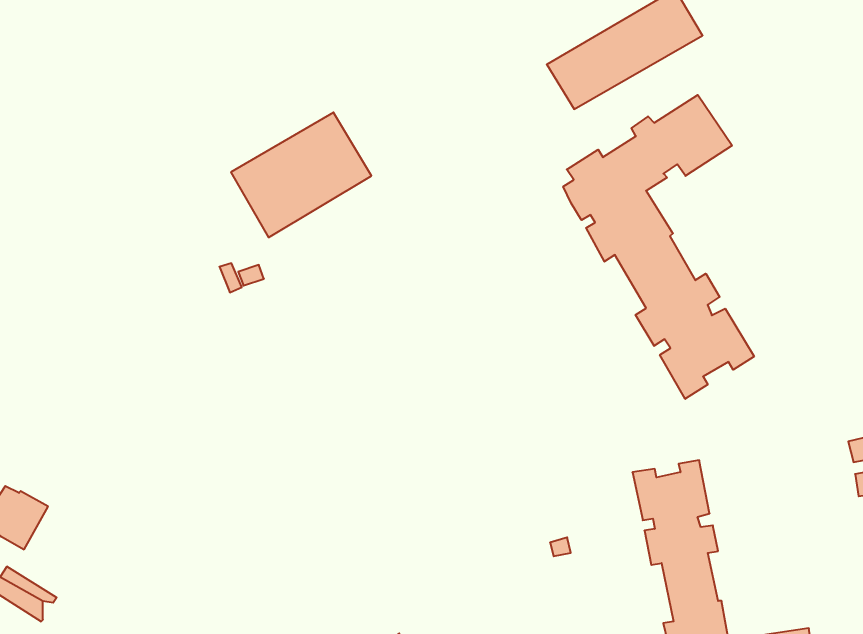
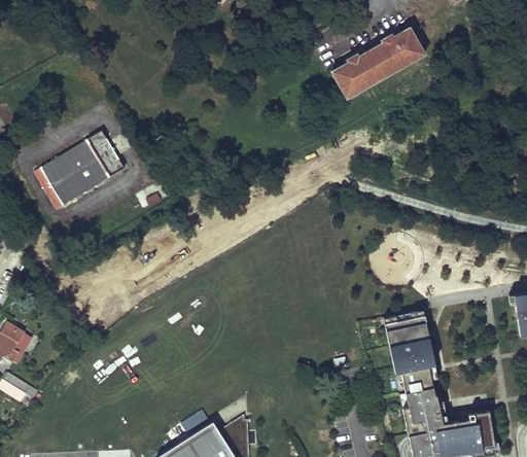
building: [563,95,754,399] -> none
building: [231,112,371,237] -> [39,130,124,205]

